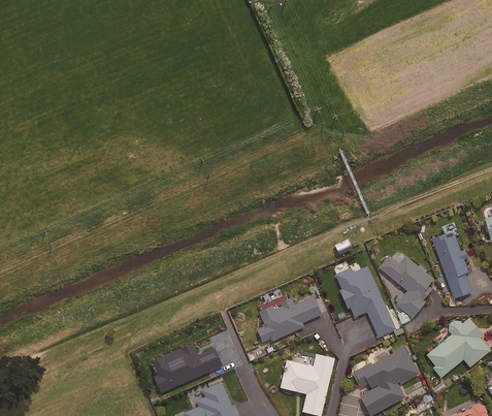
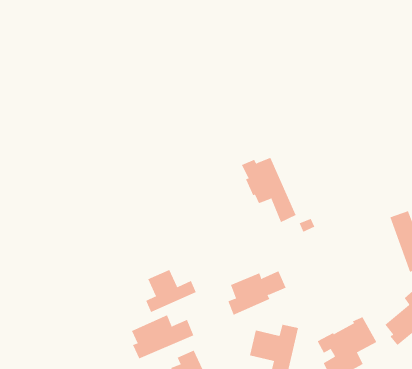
building: [380,255,433,318] -> none
building: [335,266,395,338] -> [241,157,297,223]
building: none -> [145,269,197,313]

